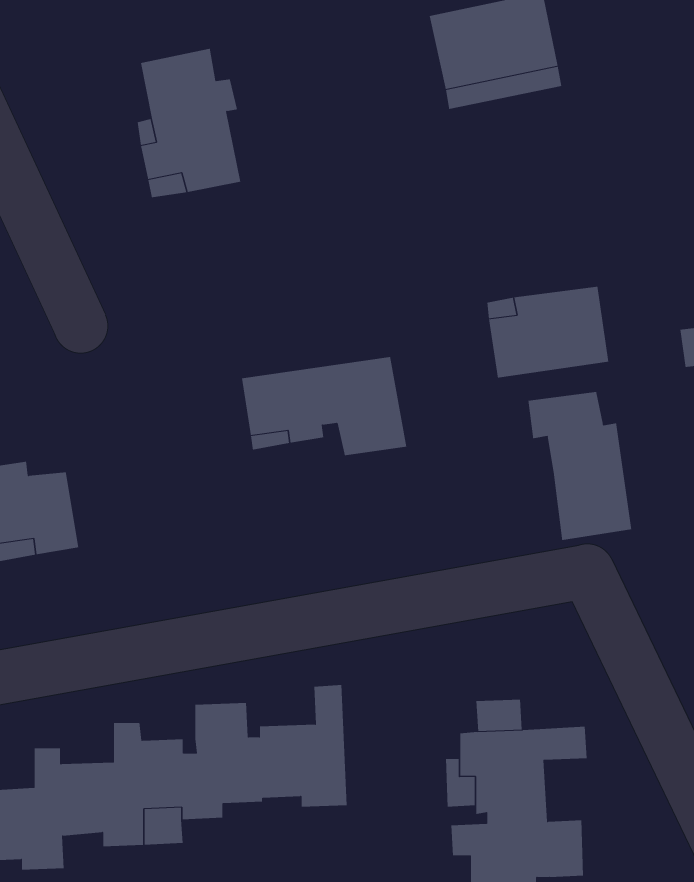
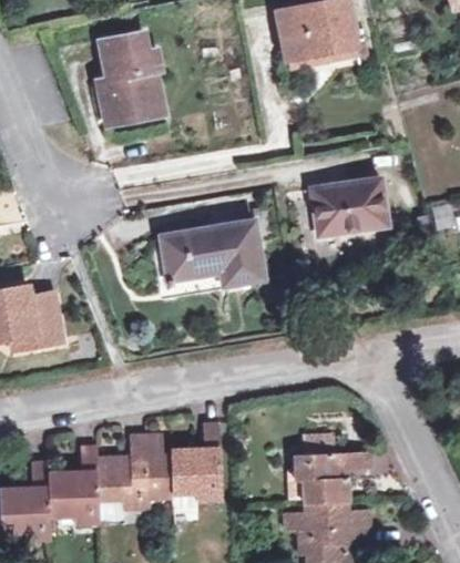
building: [528,391,632,541] -> none

